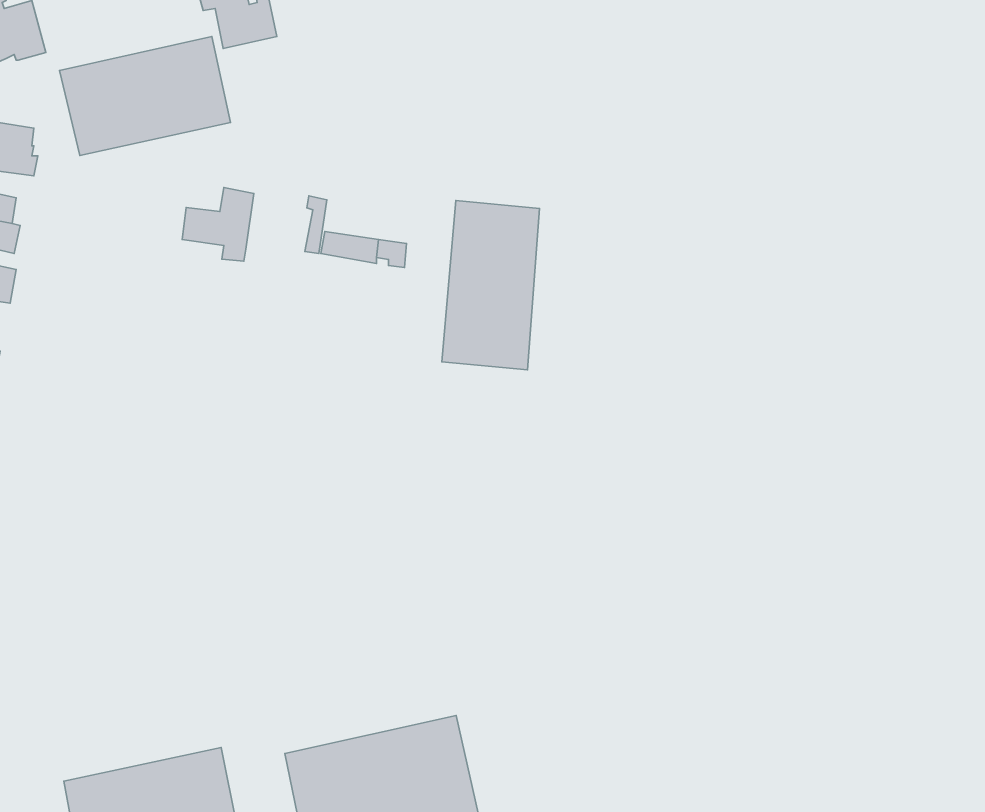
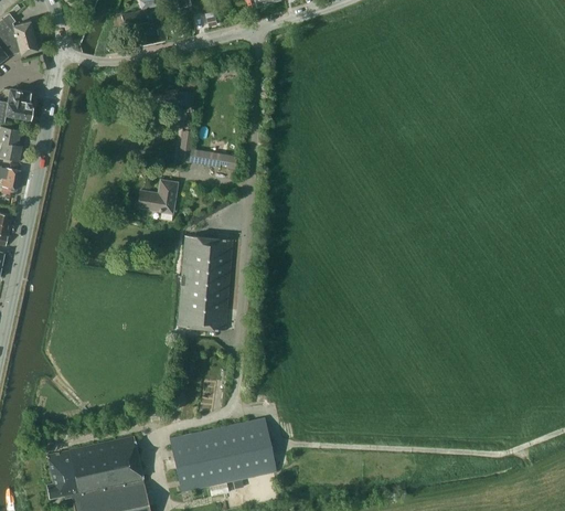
building: [60,37,230,156] -> none
building: [182,188,254,261] -> [137,180,177,221]
building: [442,200,539,370] -> [177,236,231,330]

